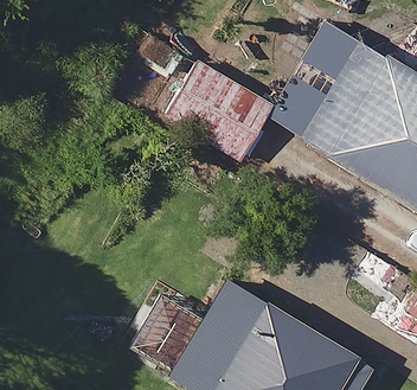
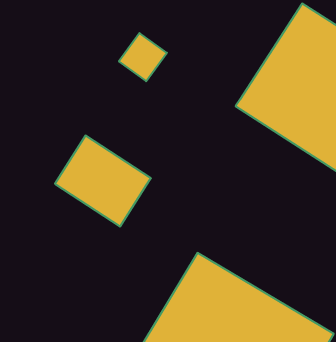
building: [167,65,271,164] -> [55,136,151,226]

